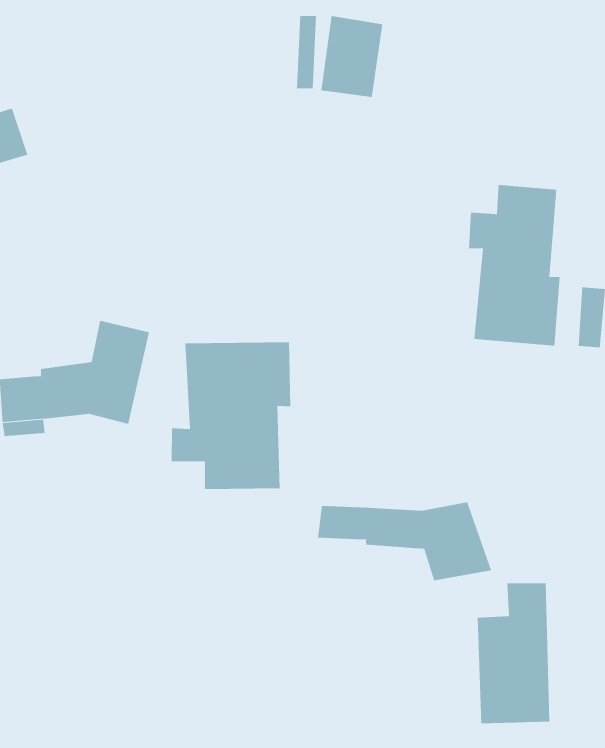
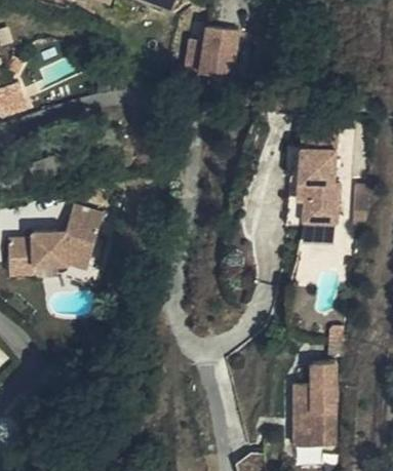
building: [171,341,291,490] -> none
building: [318,502,492,581] -> none

